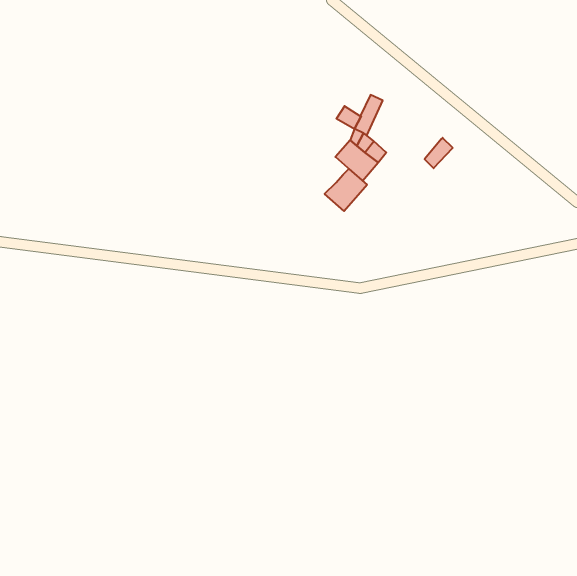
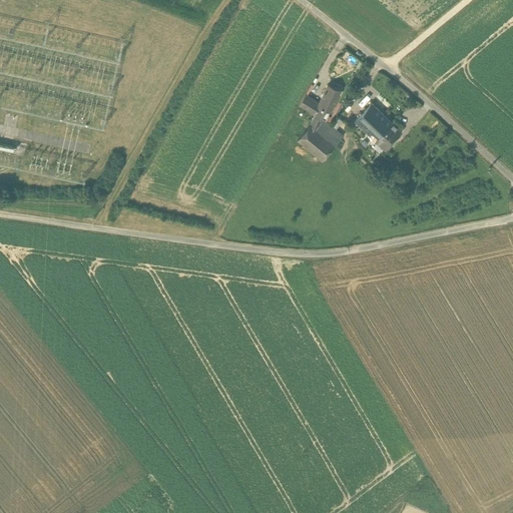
building: none -> [355,103,392,142]
building: [325,169,367,211] -> none

